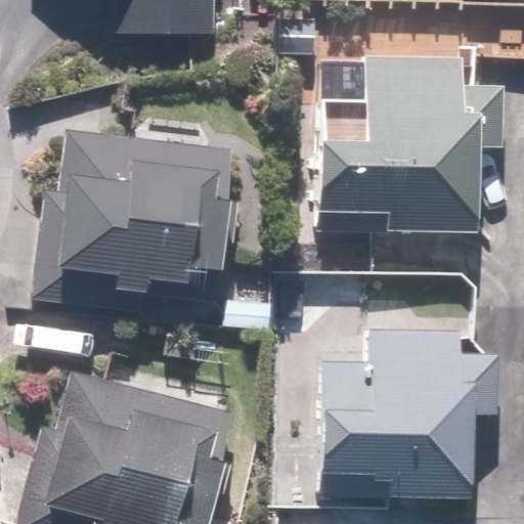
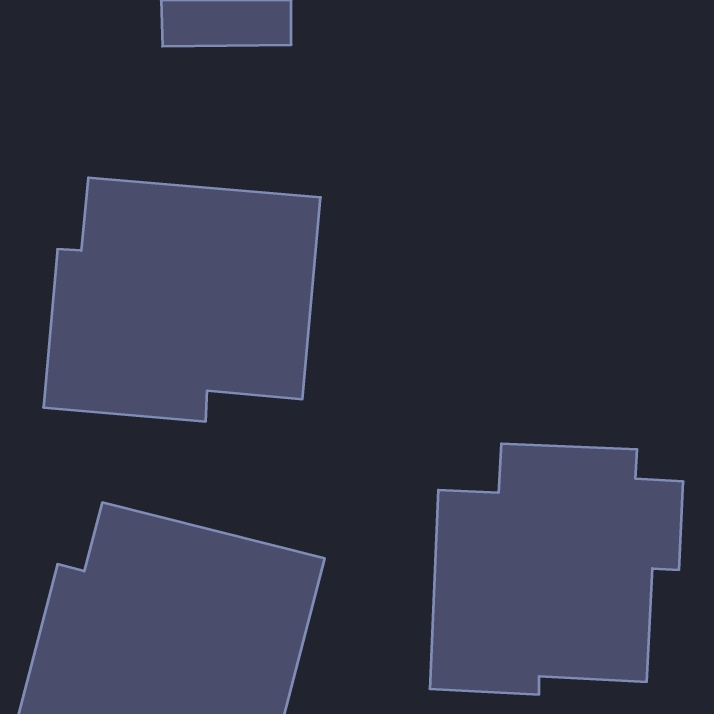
building: [320,54,484,230] -> none

